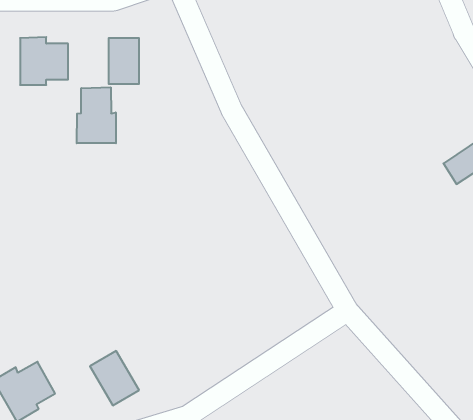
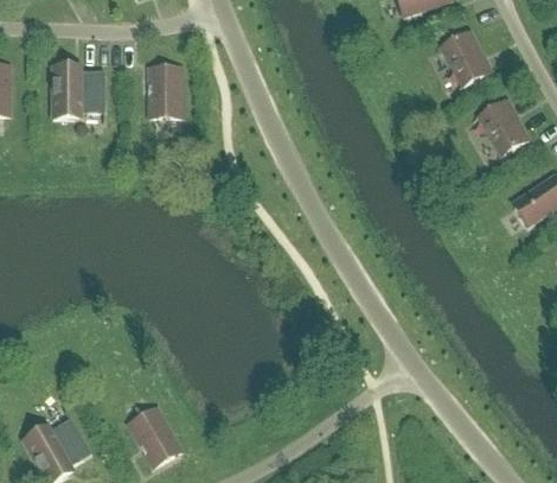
building: none -> [442,30,489,83]
building: none -> [480,98,527,153]
building: [77,87,116,143] -> none

